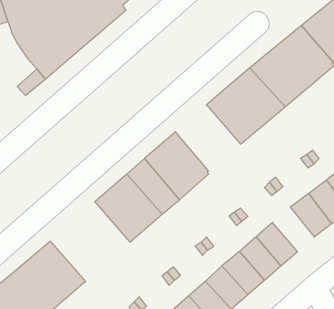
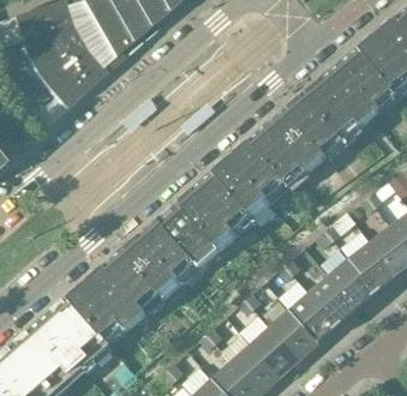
building: none -> [215,139,291,216]
building: none -> [70,252,162,344]
building: none -> [328,258,376,310]

